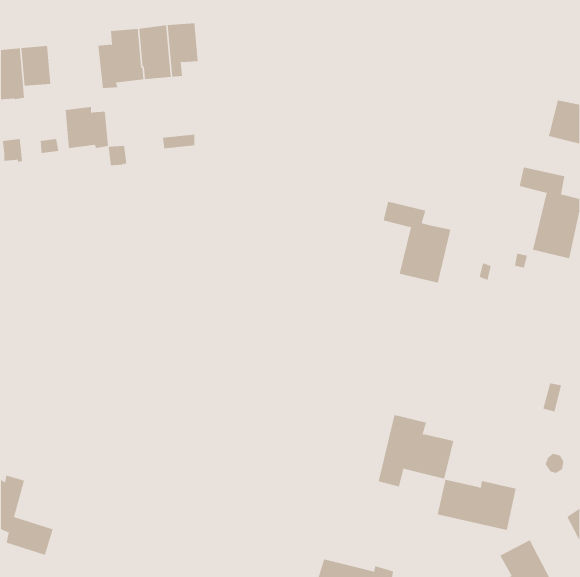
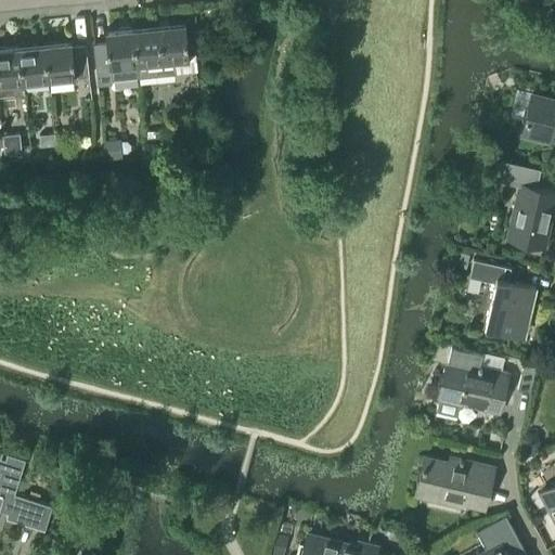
building: [65,107,109,149] -> [46,43,88,83]
building: [383,201,451,283] -> [469,262,534,340]
building: [378,415,454,487] -> [436,351,508,421]

